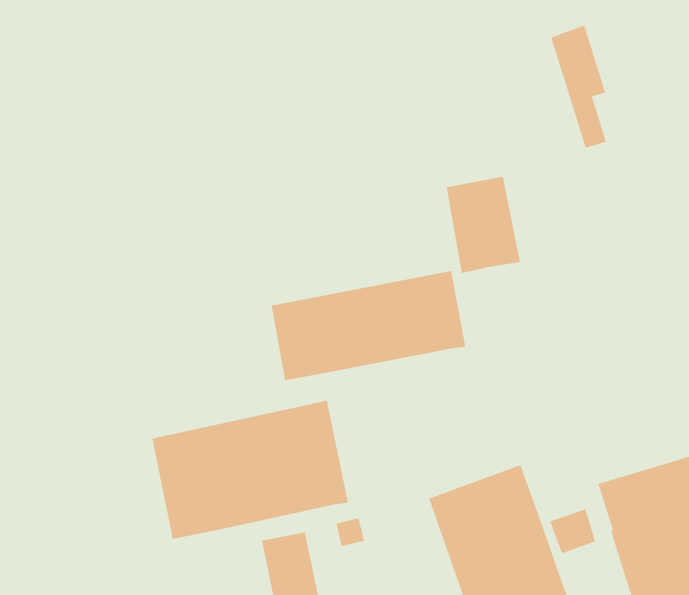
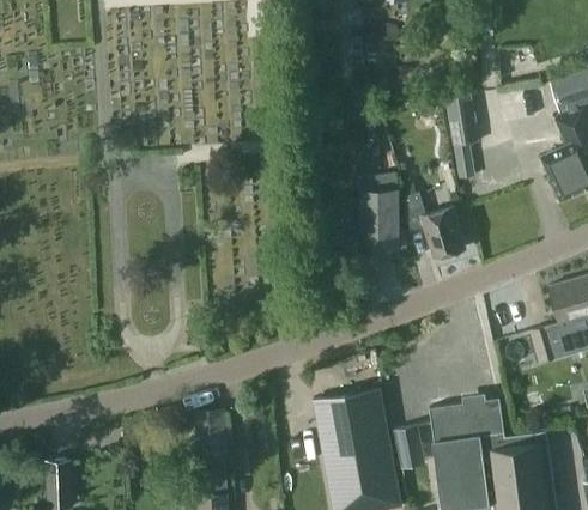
building: none -> [404,194,465,260]
building: [271,270,466,381] -> none
building: [152,400,349,540] -> none

